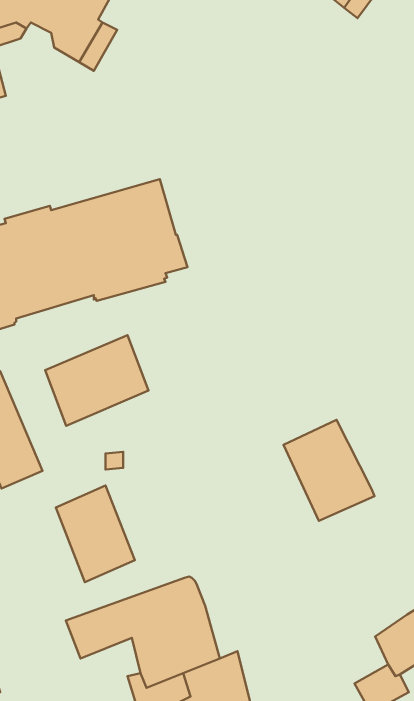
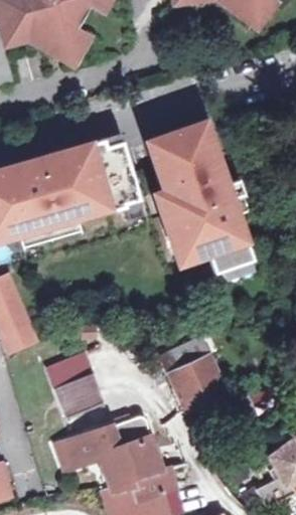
building: none -> [146,125,250,274]
building: [45,335,148,426] -> none
building: [284,420,374,521] -> [162,338,225,407]

